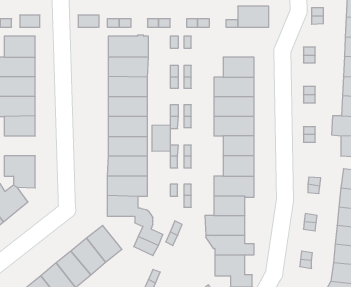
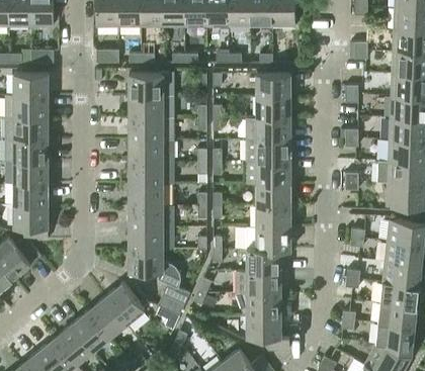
building: [238,6,269,27] -> [256,73,290,96]
building: [152,125,170,151] -> none
building: none -> [13,183,48,205]

